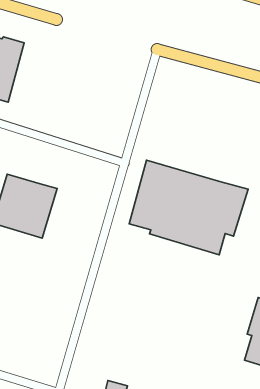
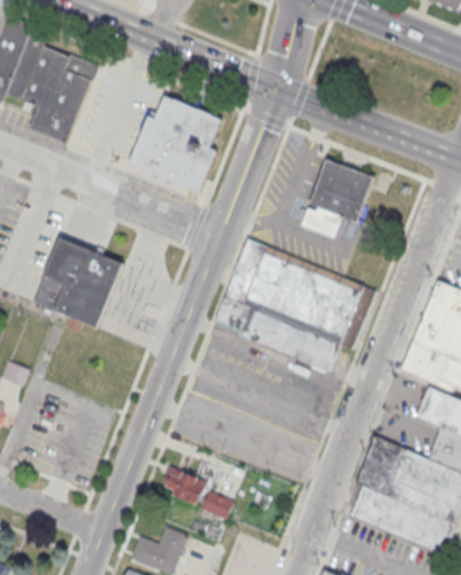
building: none -> [126,95,220,193]
building: none -> [301,159,371,237]
building: none -> [158,468,232,516]

